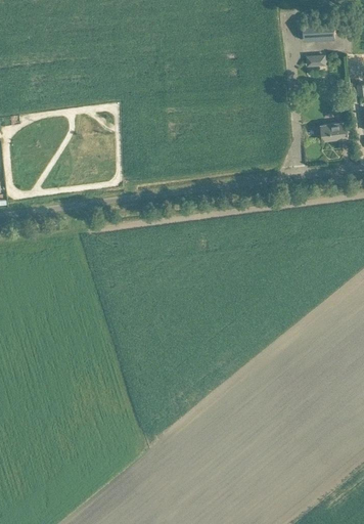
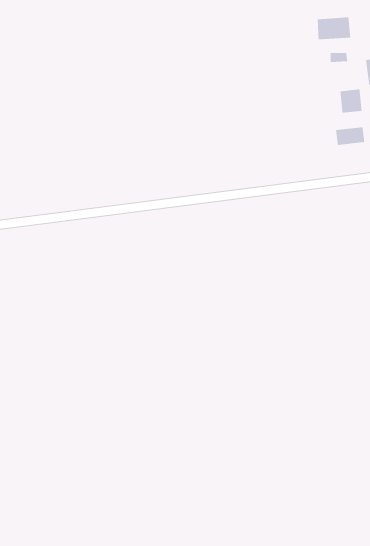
building: none -> [339,89,363,114]

